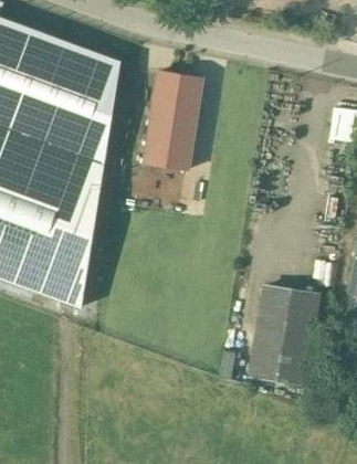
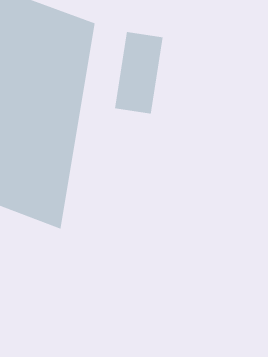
building: [250,286,318,382] -> none

